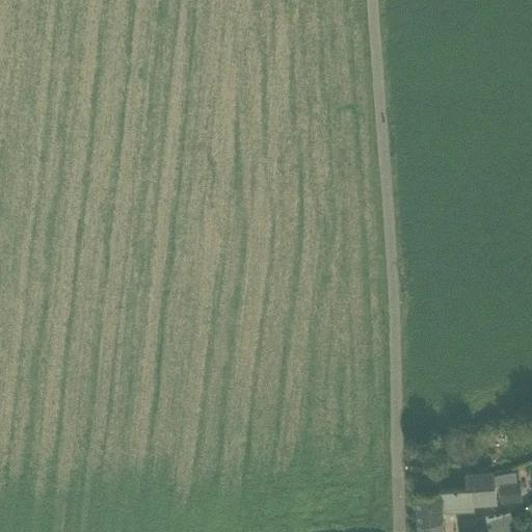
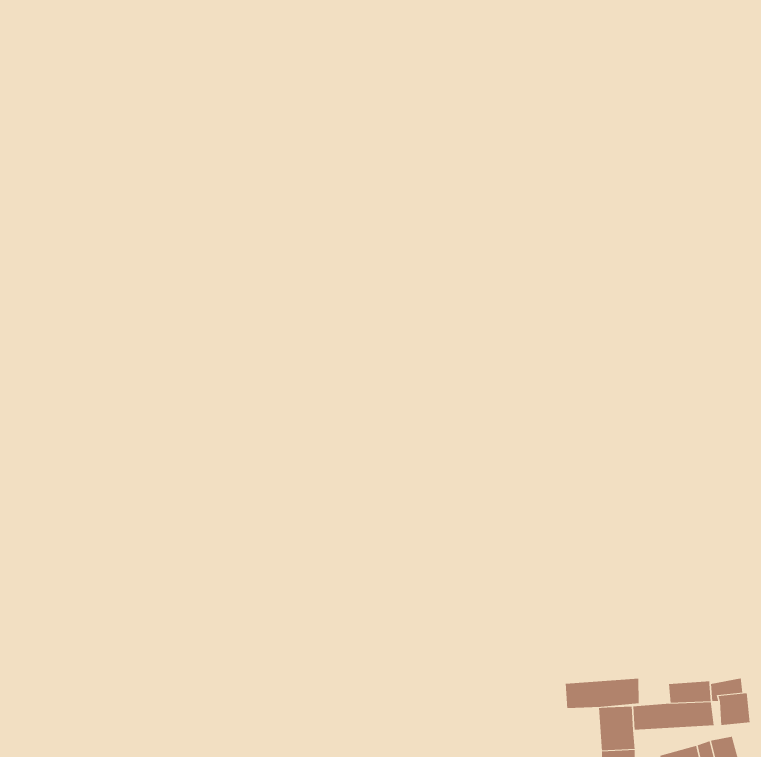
building: none -> [565,678,639,709]

